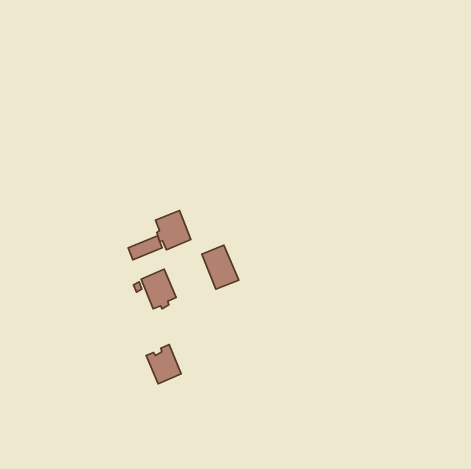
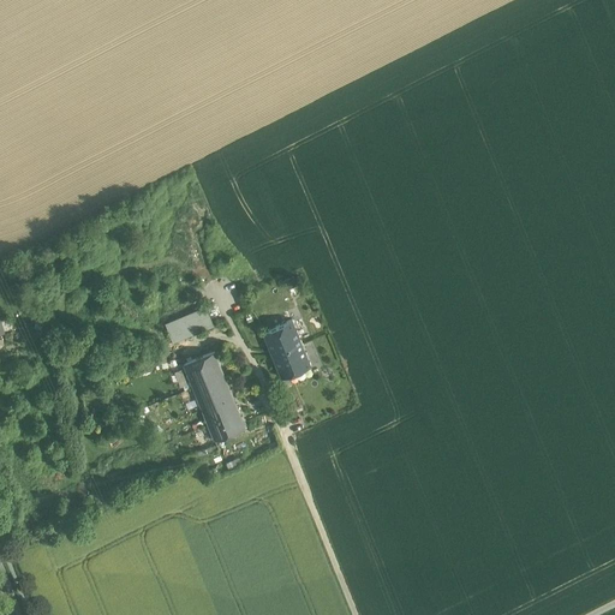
building: [155,210,191,250] -> none
building: [146,344,181,384] -> [199,390,245,442]

